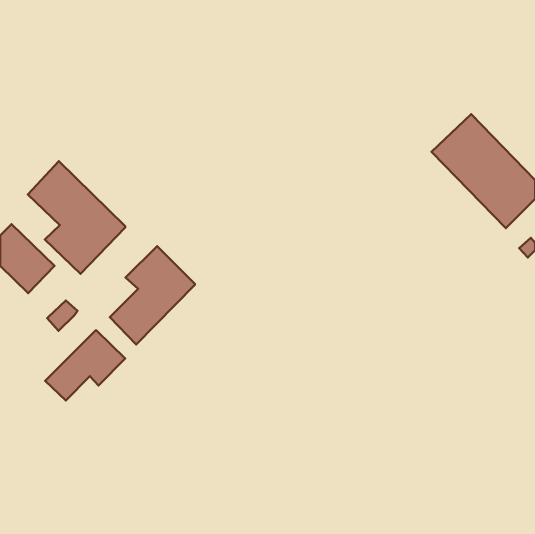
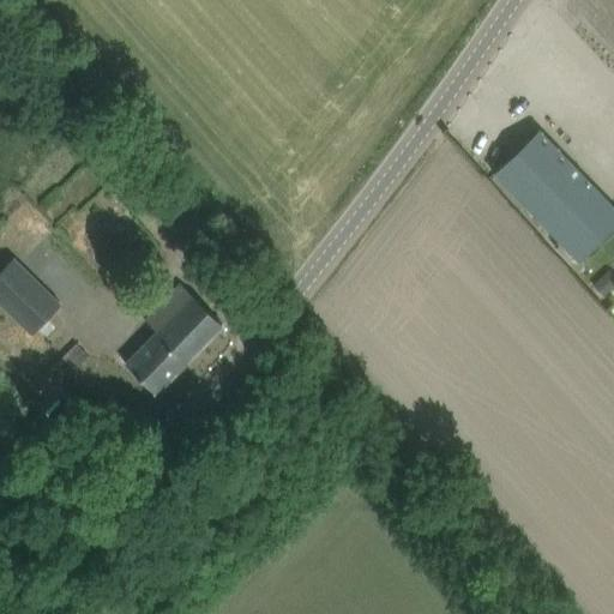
building: [28,161,125,274] -> none
building: [45,330,125,400] -> none

